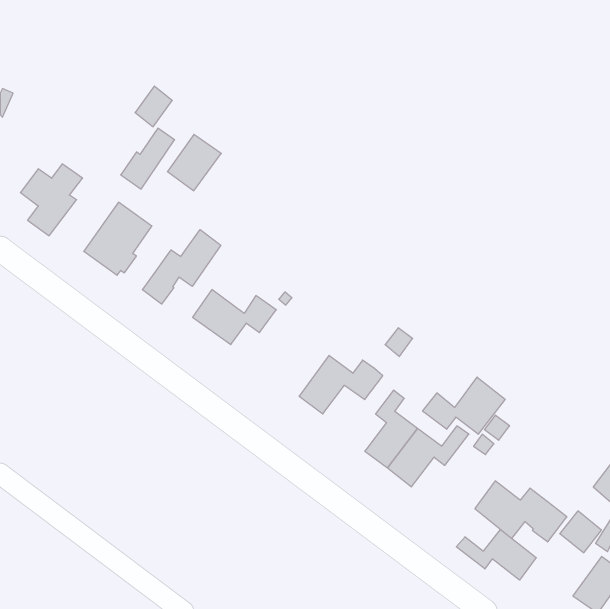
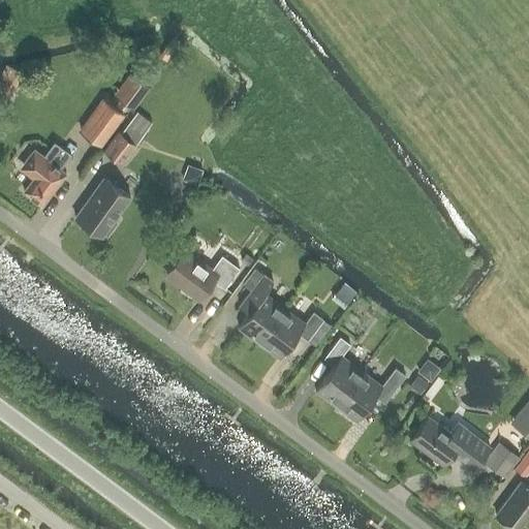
building: [167,134,221,191] -> [80,99,126,148]
building: [142,230,221,304] -> none
building: none -> [240,270,285,344]
building: [423,377,505,434] -> none
building: [456,530,536,580] -> none

